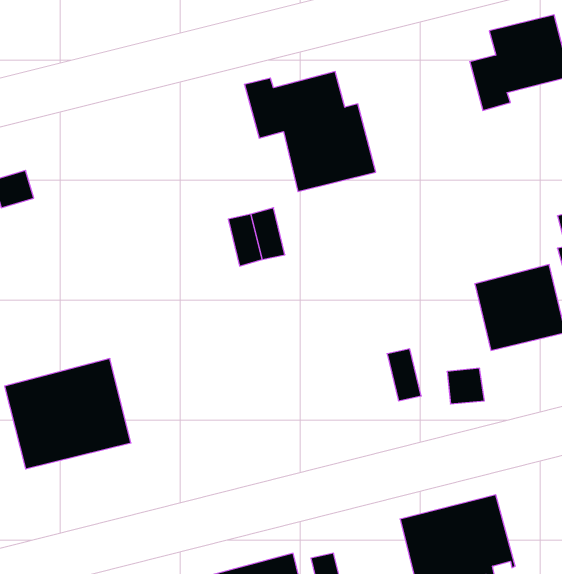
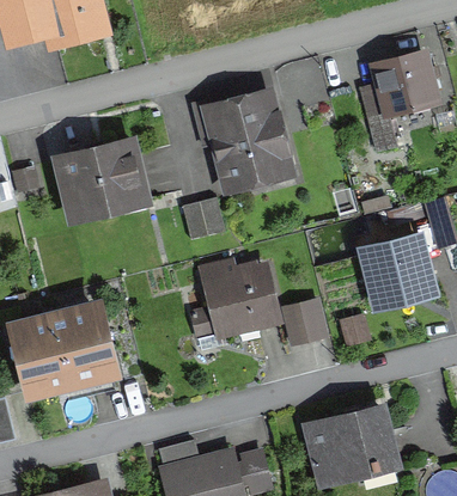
building: none -> [57,141,145,218]
building: none -> [193,261,278,333]

